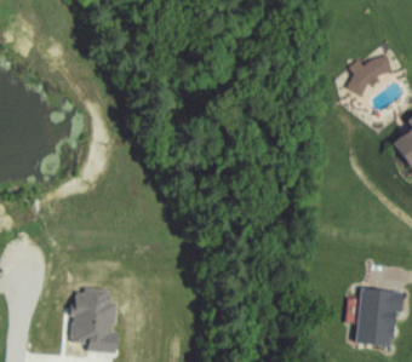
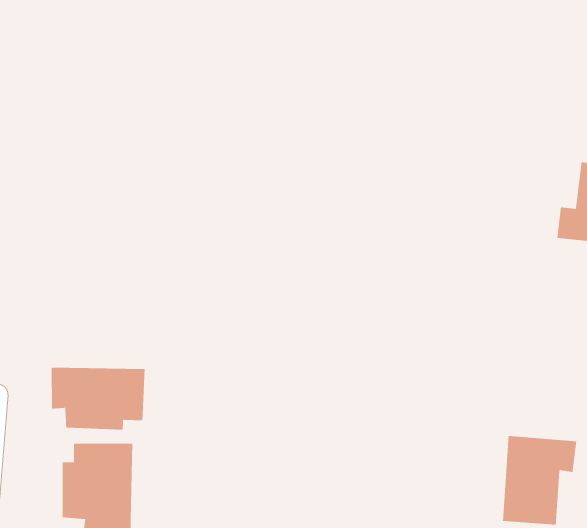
building: [348,52,391,96] -> none
building: none -> [51,367,146,430]

